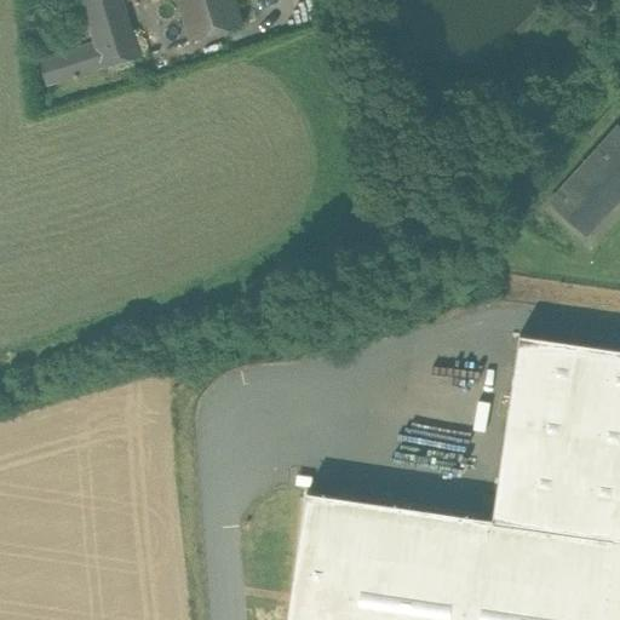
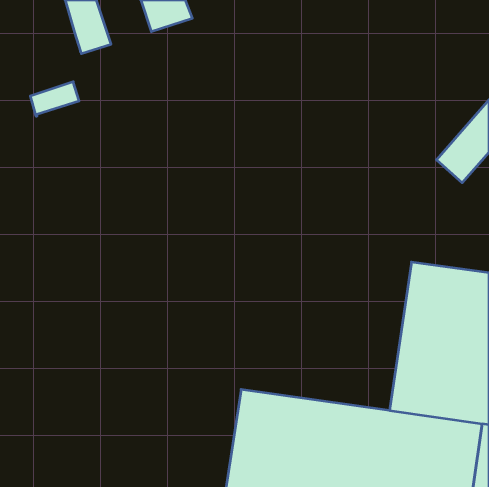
building: [40,44,102,87] -> [30,82,79,116]

